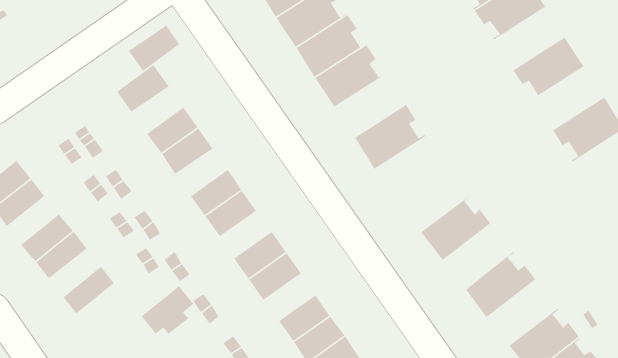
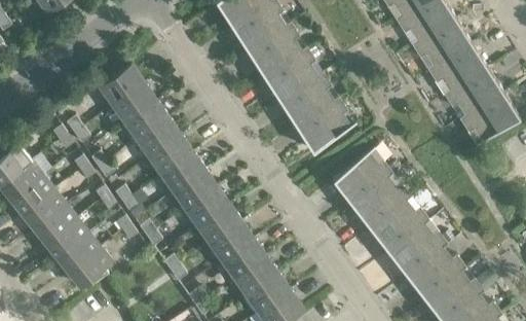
building: none -> [412,19,471,71]
building: [128,25,180,72] -> [113,84,156,123]
building: none -> [444,68,503,120]
building: none -> [280,74,340,127]
building: none -> [149,136,193,175]
building: none -> [333,149,392,205]
building: none -> [10,175,53,215]
building: none -> [186,187,229,226]
building: none -> [370,198,428,252]
building: none -> [45,218,88,258]
building: none -> [222,239,265,278]
building: none -> [406,244,464,298]
building: [141,285,194,335] -> [68,247,112,288]

